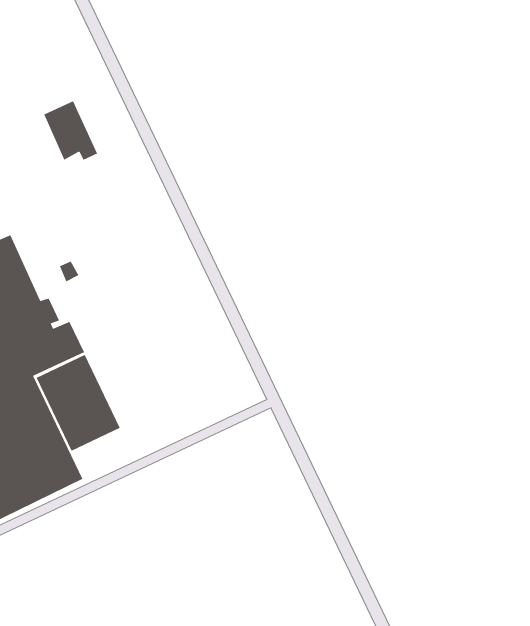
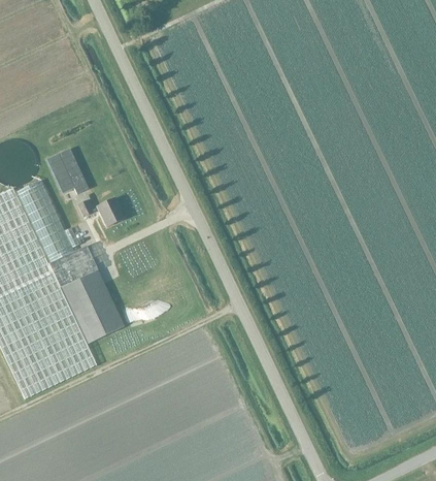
building: [43,100,98,161] -> [47,149,89,194]
building: none -> [98,198,123,226]

